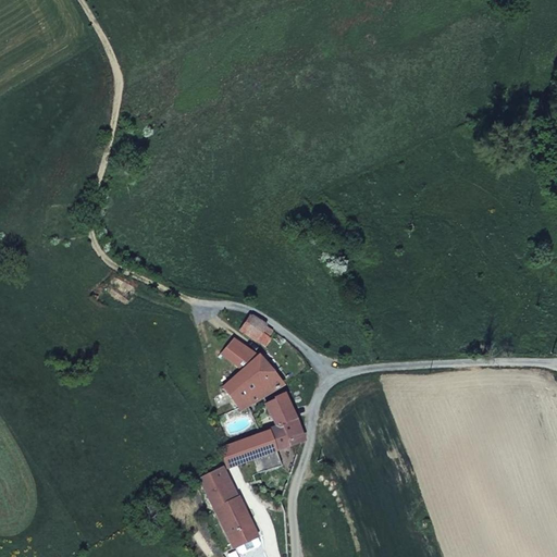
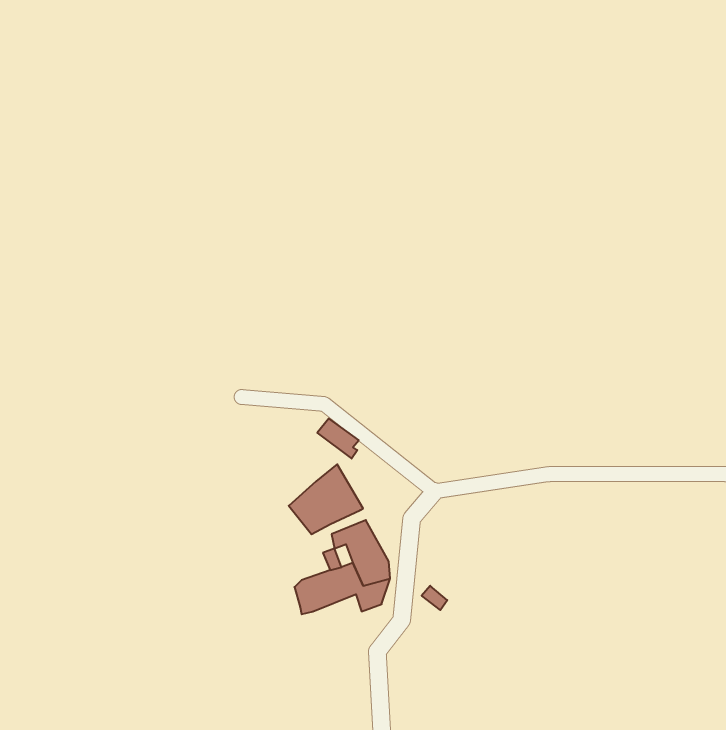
building: [224,338,258,367] -> none
building: [207,468,258,548] -> none

